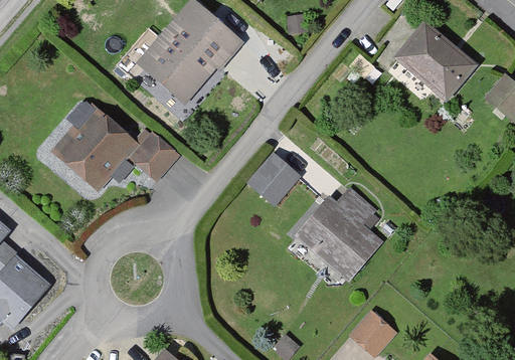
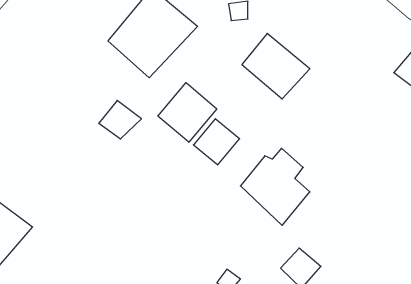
building: [397,24,479,103] -> [242,33,310,99]
building: [51,107,135,187] -> none
building: none -> [158,83,217,142]

